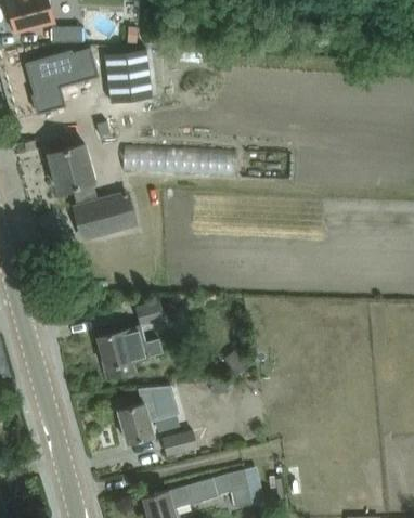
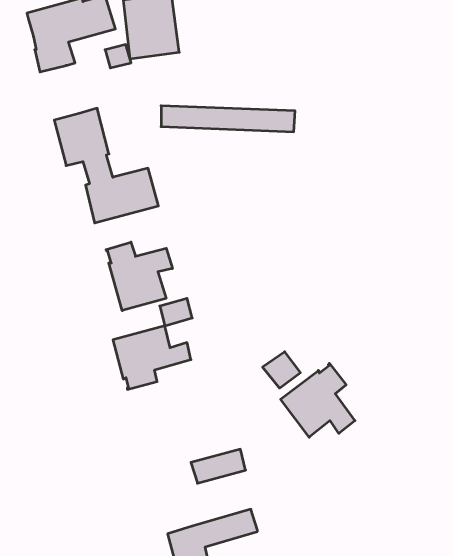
building: none -> [106,242,172,311]
building: none -> [281,363,355,437]
building: [117,388,177,443] -> none
building: [211,470,251,508] -> none

